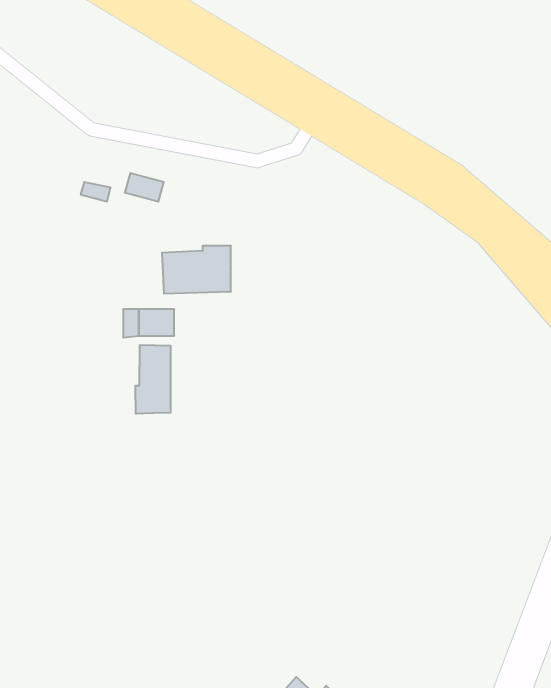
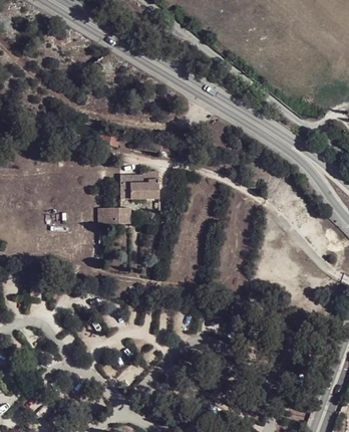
building: [135,345,171,414] -> none

